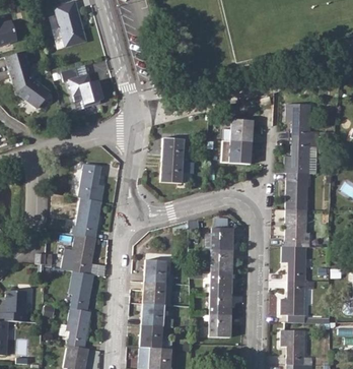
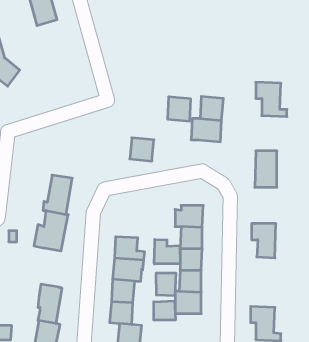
building: [62,65,104,104] -> none
building: [161,138,185,163] -> [168,97,191,121]
building: [284,138,317,174] -> none
building: [78,164,104,201] -> none
building: [285,210,309,247] -> none
building: none -> [154,239,180,264]
building: [69,271,94,311] -> none
building: [280,281,313,322] -> none
building: none -> [156,273,176,296]
building: none -> [154,301,175,320]

